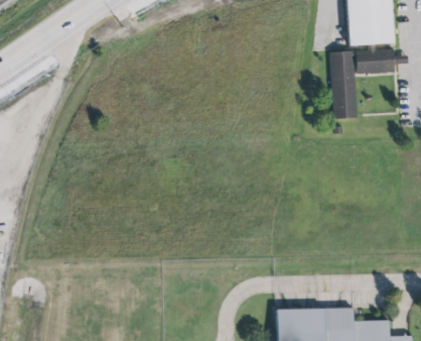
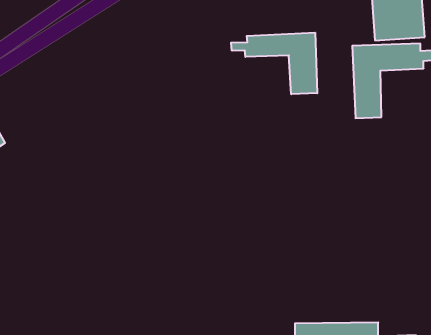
building: none -> [231,33,317,94]

